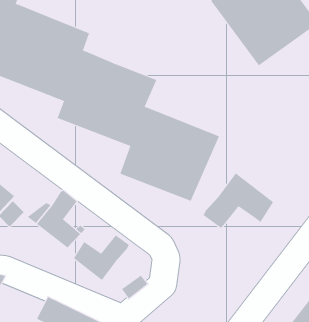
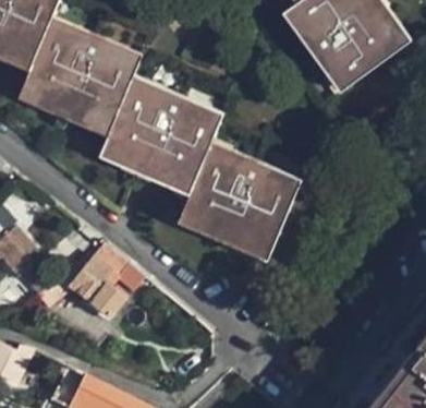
building: [203,172,274,229] -> none
building: [73,234,130,281] -> none

